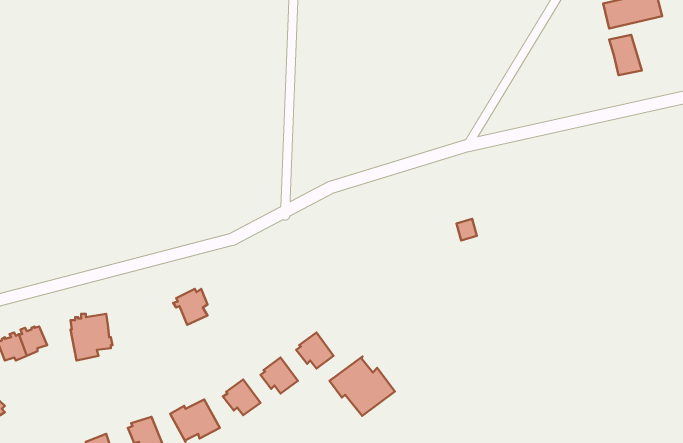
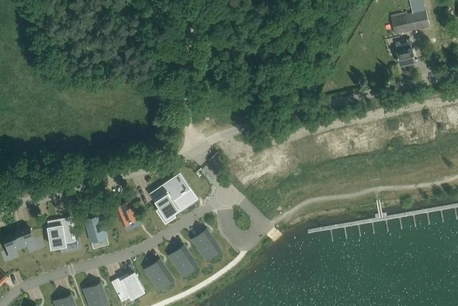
building: none -> [142,182,186,221]
building: none -> [84,216,106,242]
building: [330,357,395,416] -> none

